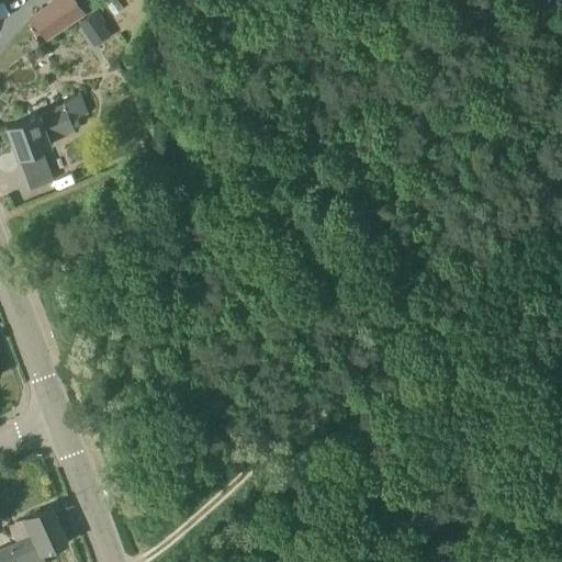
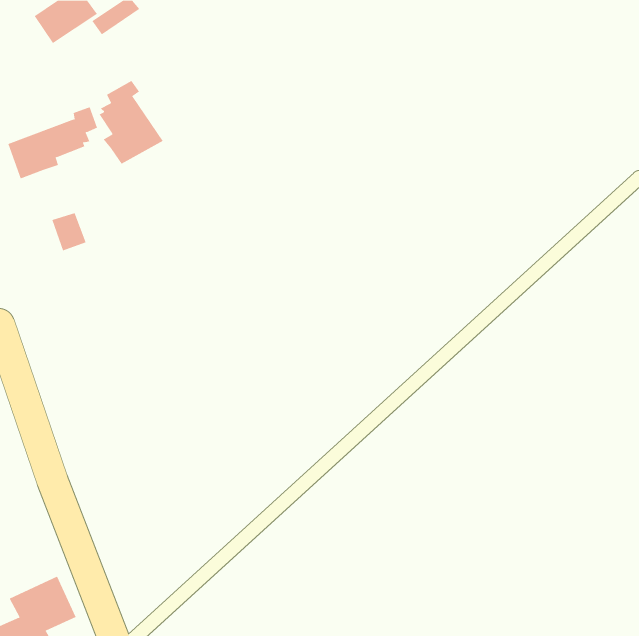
building: none -> [99,80,163,164]
building: [20,158,50,192] -> [51,212,86,251]

